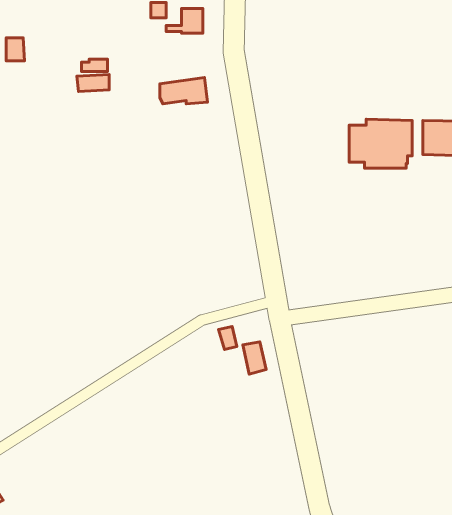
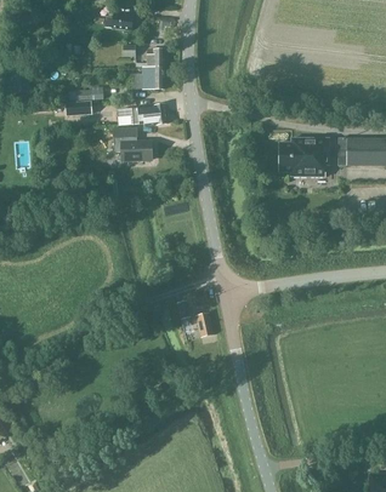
building: none -> [135,67,165,88]
building: none -> [114,127,153,159]

